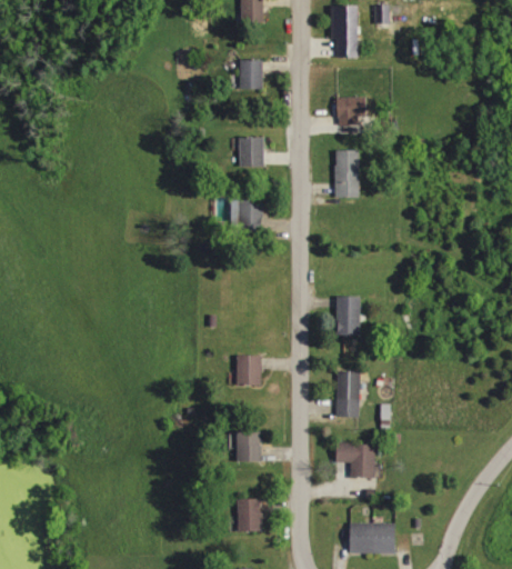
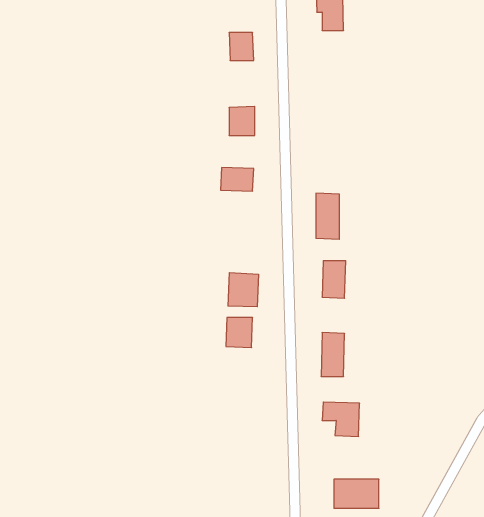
building: [338,97,368,126] -> none
building: [334,150,359,198] -> [316,193,339,239]
building: none -> [228,273,258,307]
building: [239,432,262,462] -> none
building: [238,499,263,531] -> none

